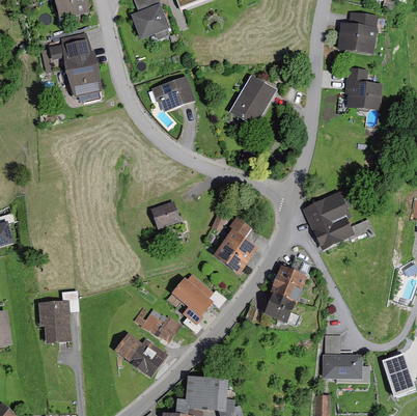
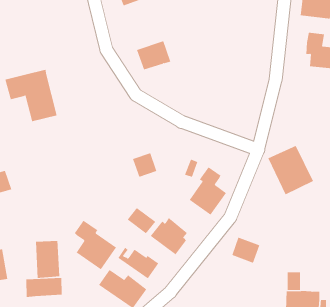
building: [41,40,101,100] -> [5,69,57,122]
building: [231,75,275,123] -> none
building: none -> [127,207,156,234]
building: [270,268,305,305] -> none
building: none -> [74,220,117,270]
building: none -> [26,277,62,298]

